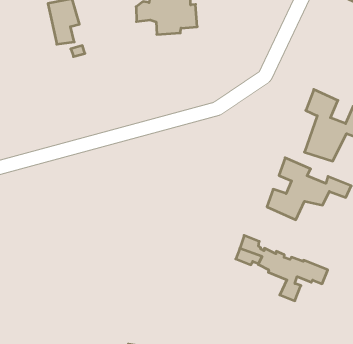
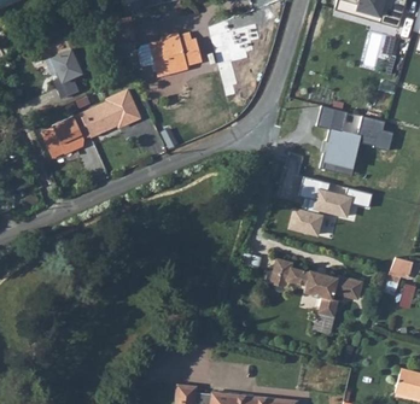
building: none -> [37,95,133,162]

